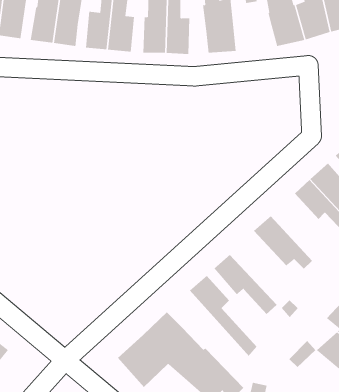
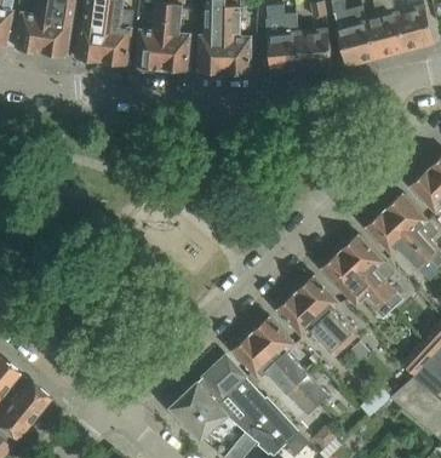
building: none -> [298,30,331,70]
building: none -> [339,234,395,300]
building: none -> [294,275,356,349]
building: none -> [231,333,315,414]

